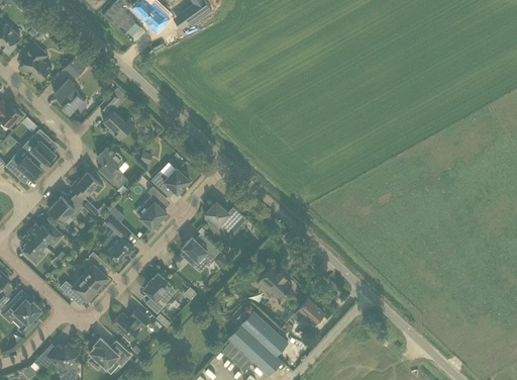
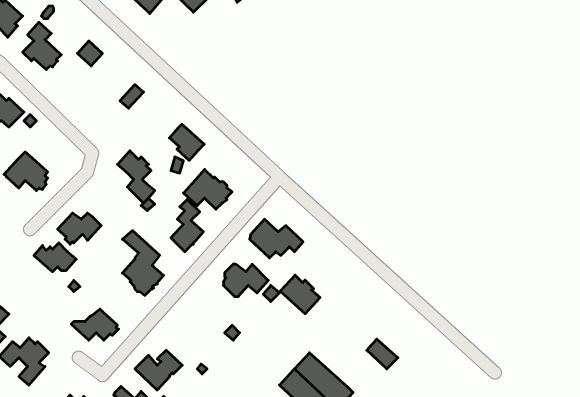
building: [54,79,83,114] -> none
building: [103,111,131,140] -> [169,124,204,160]
building: [22,128,56,164] -> none
building: [71,172,103,215] -> none
building: [21,231,44,265] -> none
building: [82,252,108,289] -> none
building: [260,266,292,297] -> [280,275,320,314]
building: [143,273,171,313] -> none

